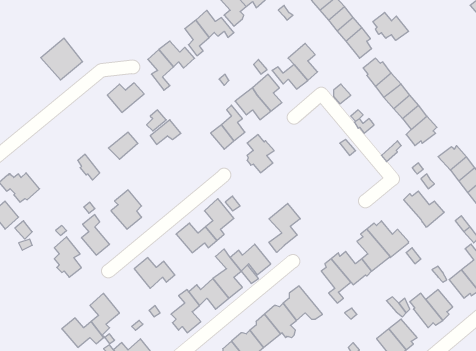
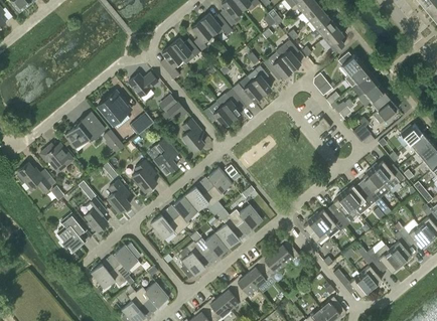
building: [373,12,409,40] -> none
building: [41,38,83,80] -> [97,91,131,125]
building: [247,135,274,173] -> [182,120,204,151]
building: none -> [64,121,105,149]
building: none -> [153,139,176,175]
building: none -> [362,168,389,202]
building: [269,203,300,252] -> none
building: none -> [173,196,197,229]
building: none -> [56,213,85,252]

